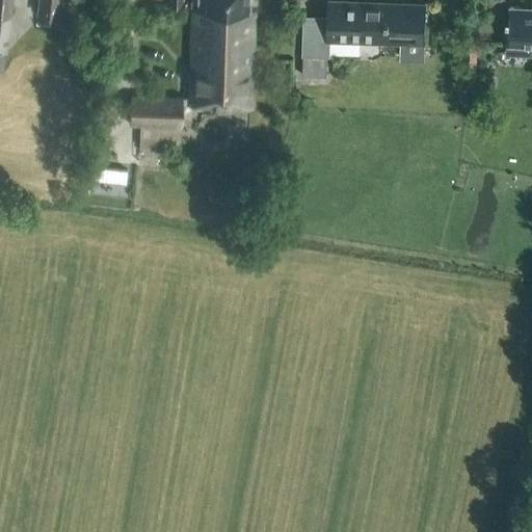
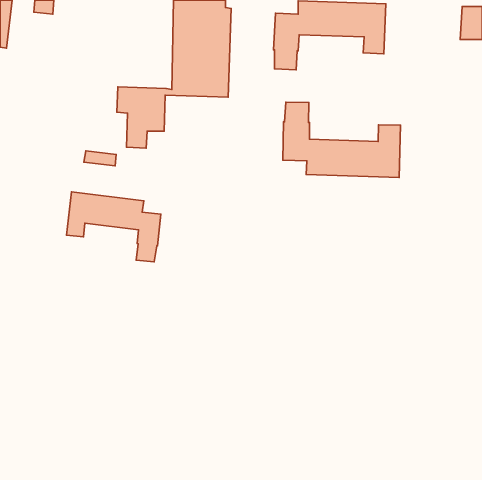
building: none -> [283,102,400,178]
building: none -> [66,192,161,262]

